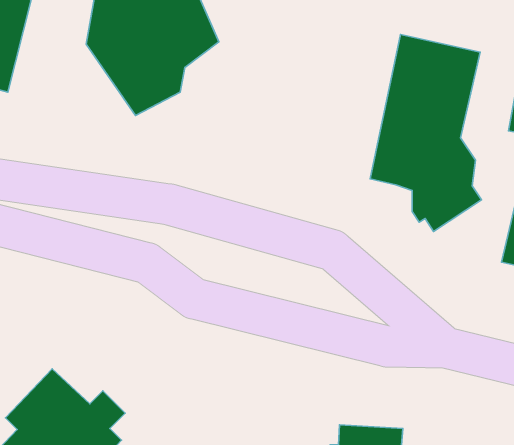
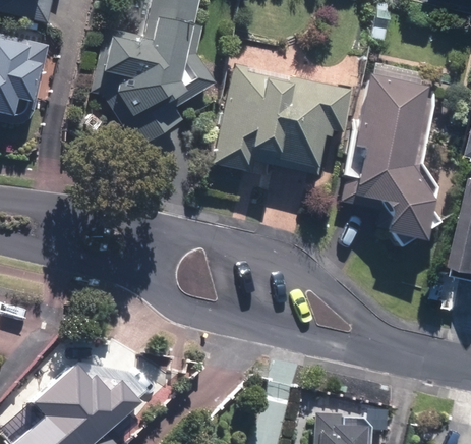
building: none -> [215,66,350,175]

